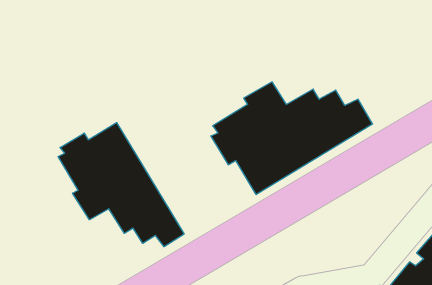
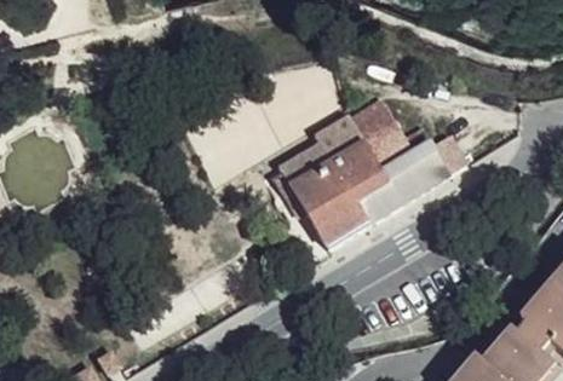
building: [58,123,184,247] -> none

